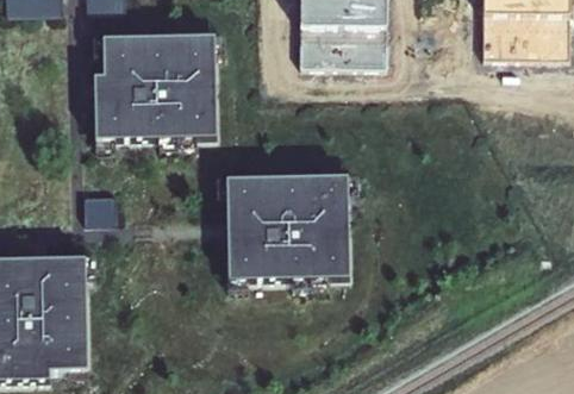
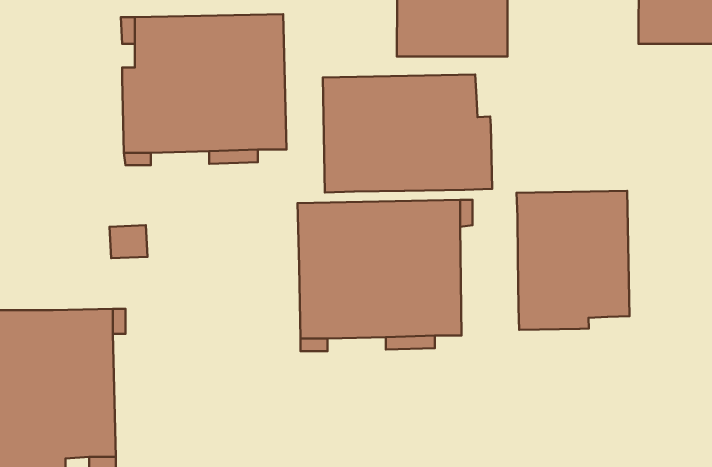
building: none -> [323,74,492,193]
building: none -> [516,191,629,330]

